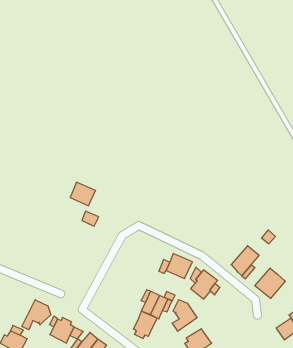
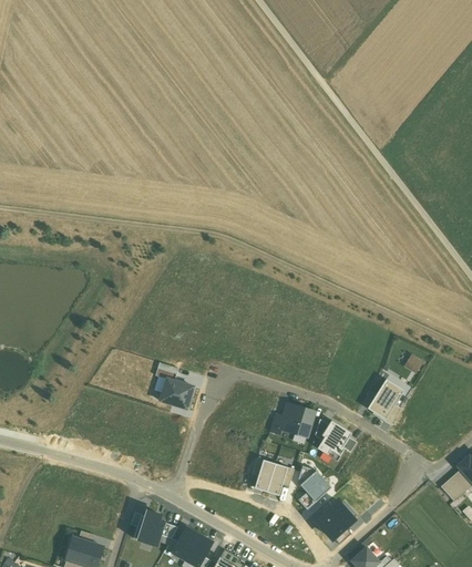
building: [70,182,96,206] -> [161,379,194,409]
building: [255,268,285,298] -> none
building: [22,300,51,330] -> none
building: [133,311,157,338] -> none

